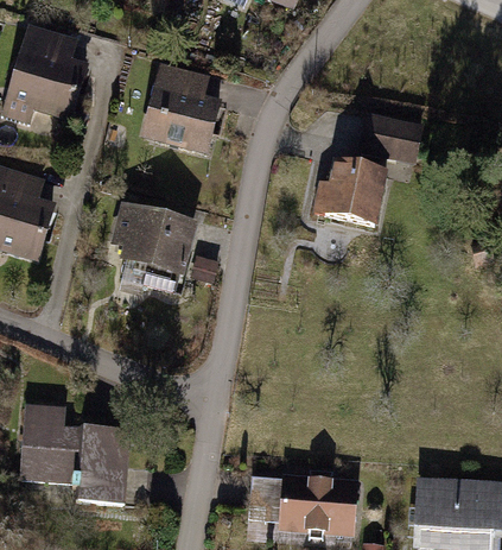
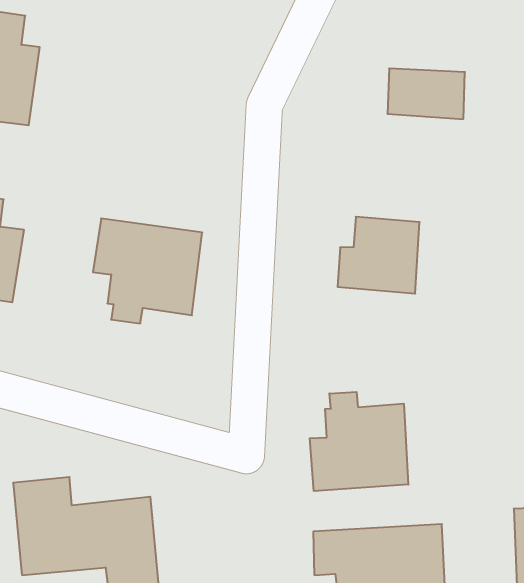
building: [141,61,225,154] -> none
building: [313,160,385,227] -> [338,217,420,294]
building: none -> [310,392,408,491]

